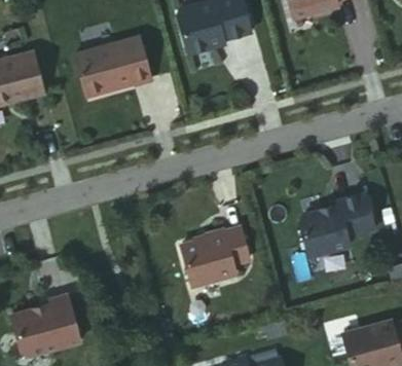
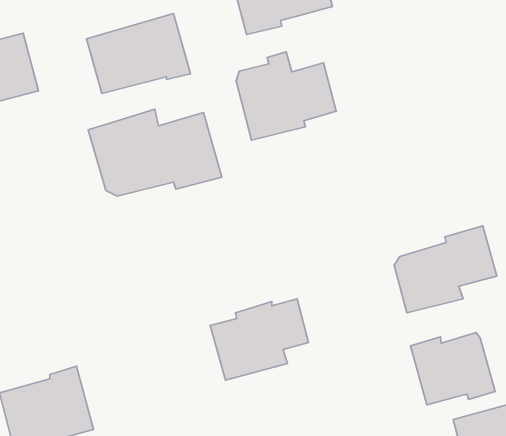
building: none -> [236,52,336,140]
building: none -> [88,109,222,196]
building: none -> [410,332,495,405]

